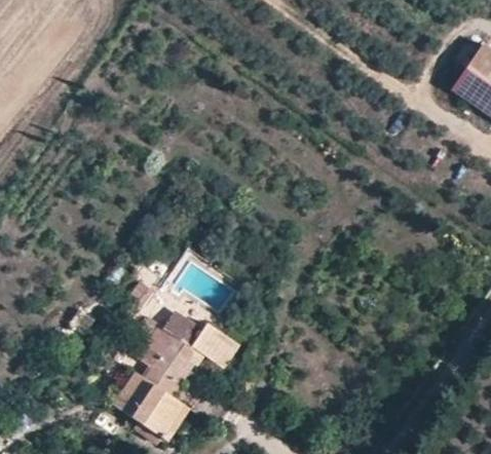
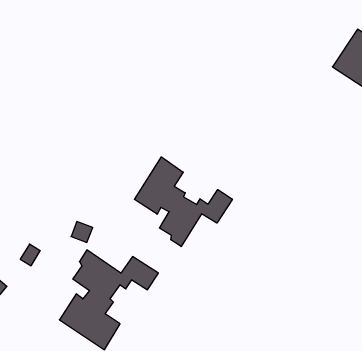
building: none -> [134,157,232,247]

